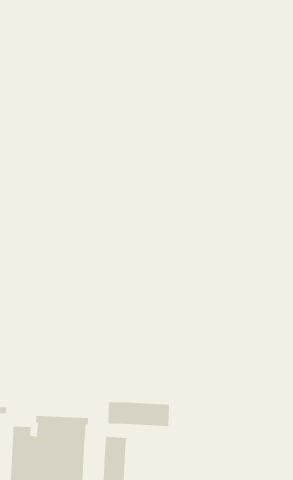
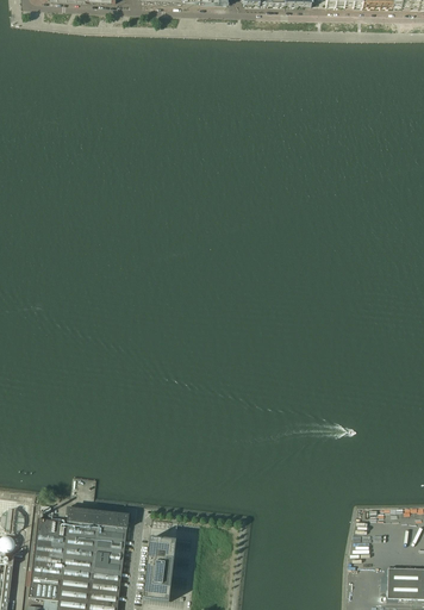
building: [108,401,169,427] -> none

